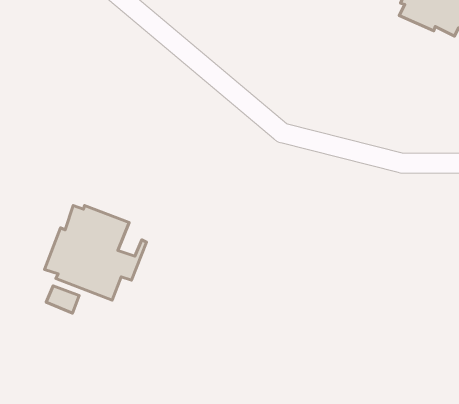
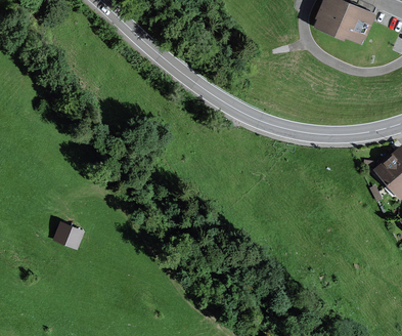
building: [44,206,146,300] -> none

